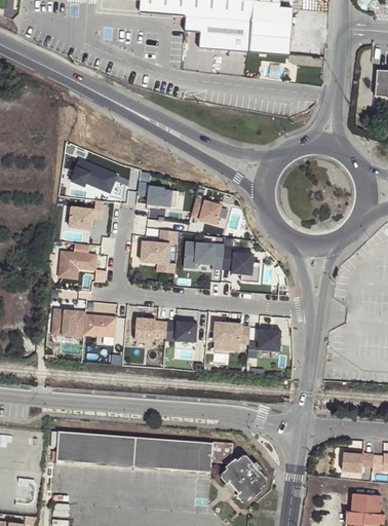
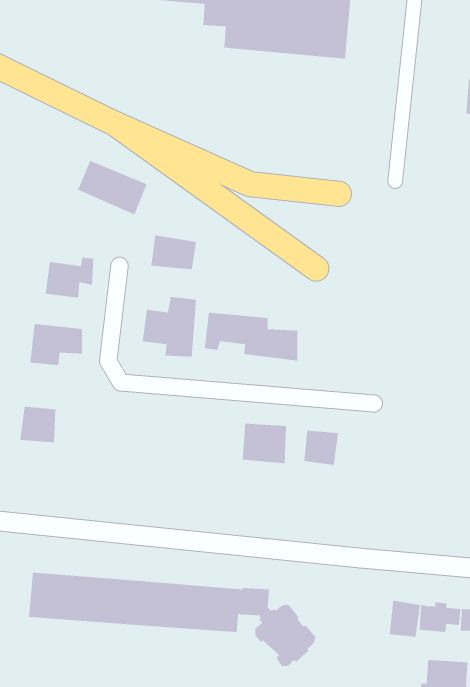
building: [68,155,119,195] -> [77,160,148,215]
building: [190,196,224,226] -> none
building: [82,314,118,340] -> none
building: [134,316,169,345] -> none
building: [176,317,199,344] -> none
building: none -> [389,600,420,637]

